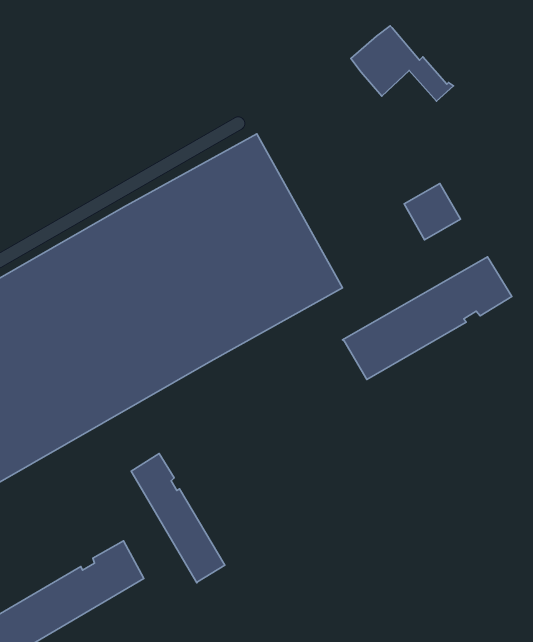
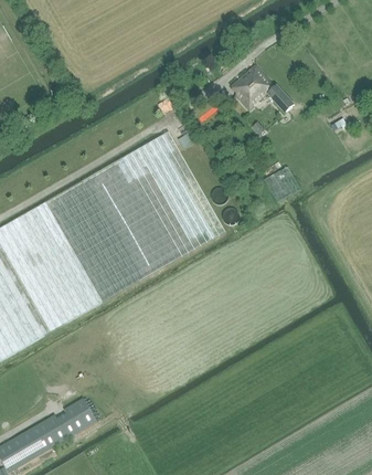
building: [343,257,512,379] -> none
building: [131,453,225,583] -> none

